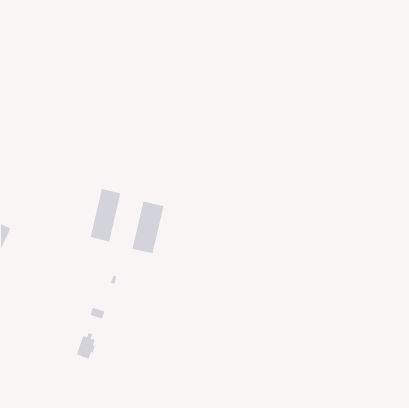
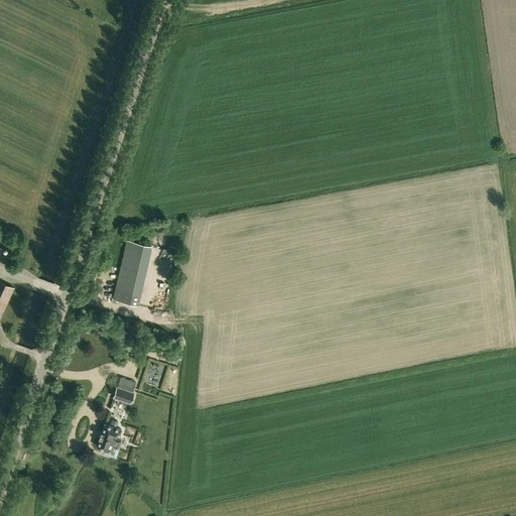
building: [132,201,164,254] -> none

